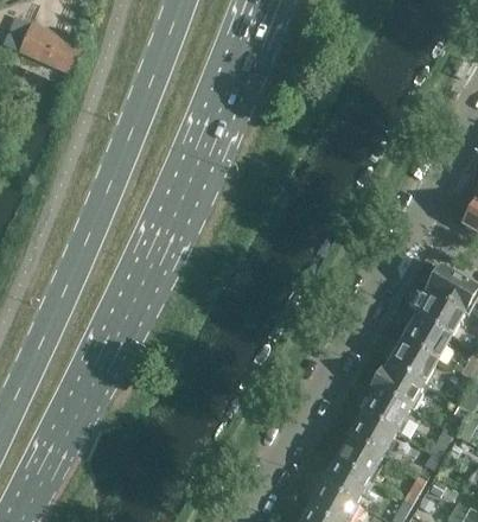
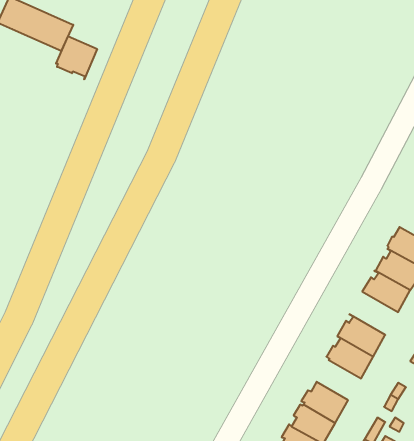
building: none -> [56,36,97,79]
building: [384,337,438,384] -> none
building: [346,412,397,456] -> none

